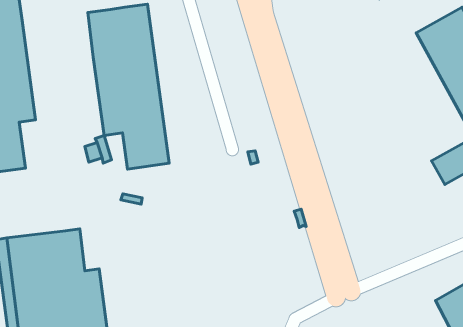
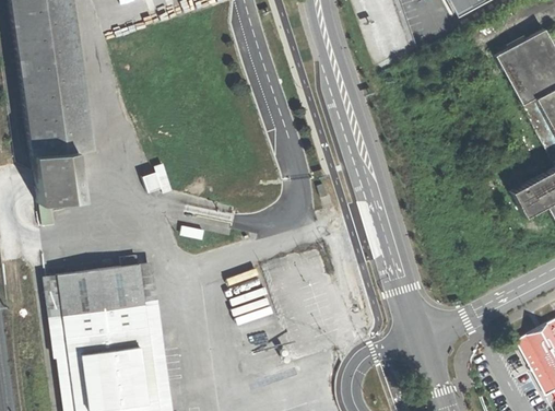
building: [88,4,169,169] -> none

